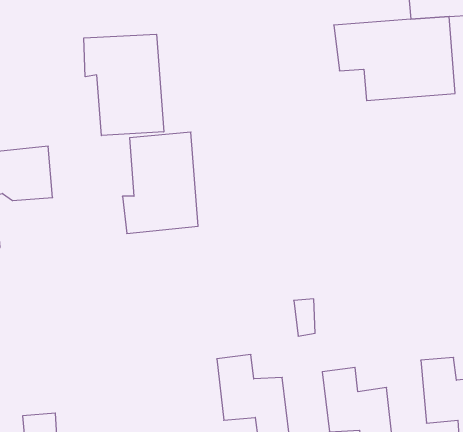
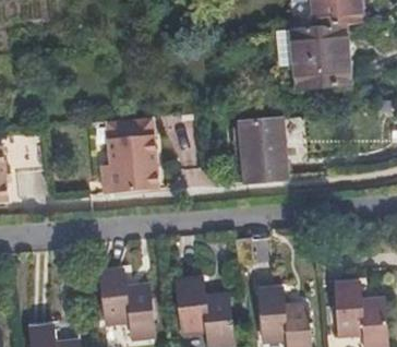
building: [84,34,164,136] -> none
building: none -> [237,119,285,183]
building: none -> [100,272,154,337]

